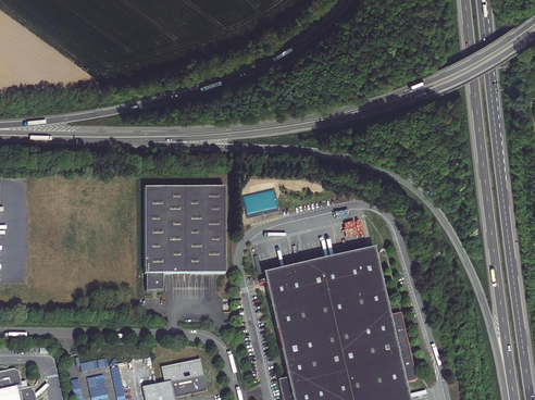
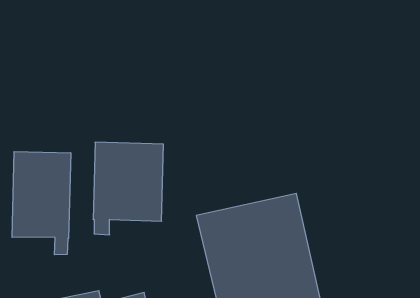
building: none -> [12,152,71,255]

